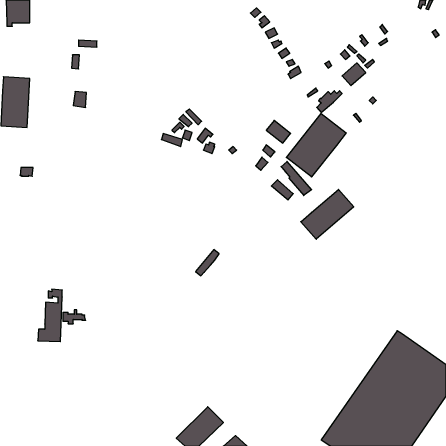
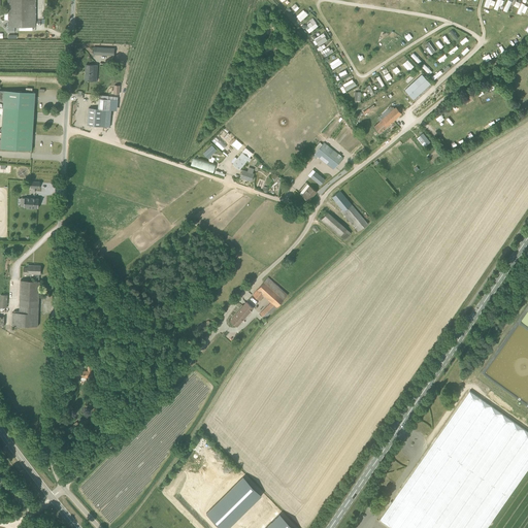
building: [286,114,346,177] -> none
building: [301,189,354,239] -> none
building: none -> [253,277,288,319]
building: [38,289,62,342] -> [11,265,40,327]

